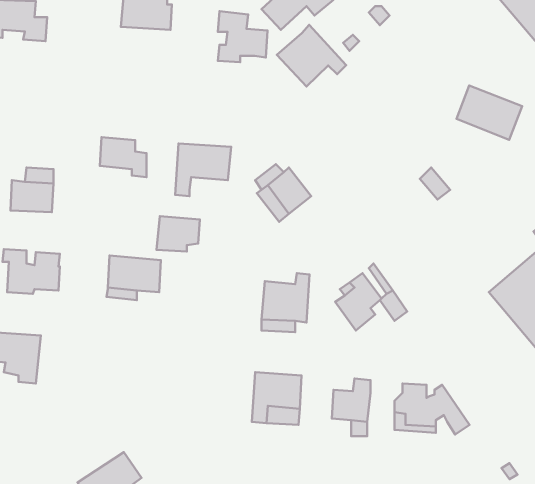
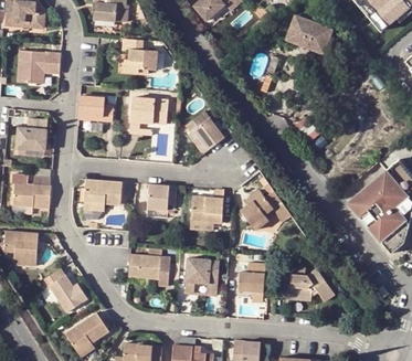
building: [218,11,267,62] -> [124,38,158,73]
building: [277,25,346,87] -> none
building: none -> [18,51,61,82]
building: [456,85,522,140] -> [286,15,331,53]
building: [156,216,200,251] -> [147,184,177,209]
building: none -> [129,254,171,286]
building: none -> [43,267,87,314]

